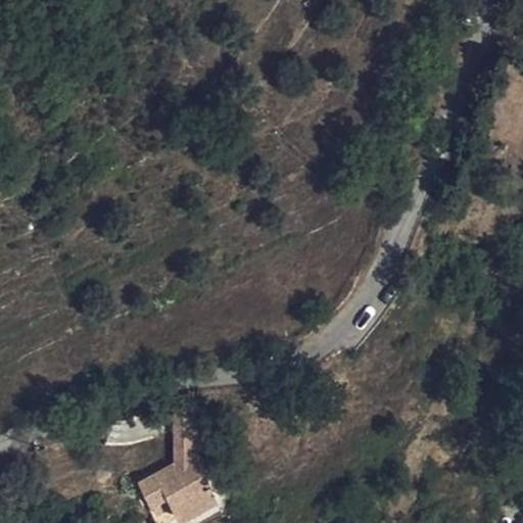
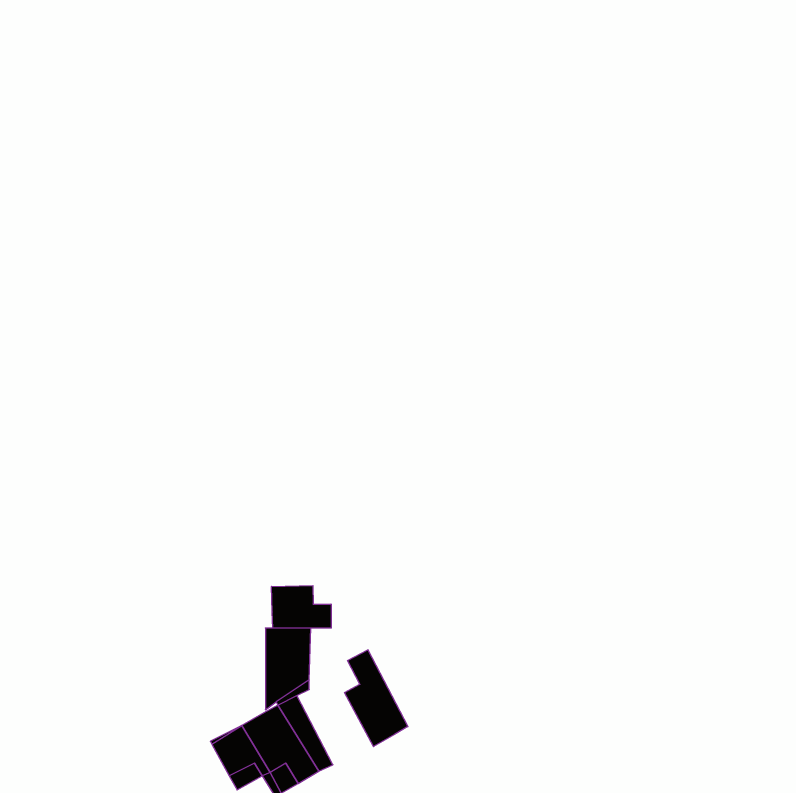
building: none -> [272,586,331,628]
building: none -> [345,650,408,747]

